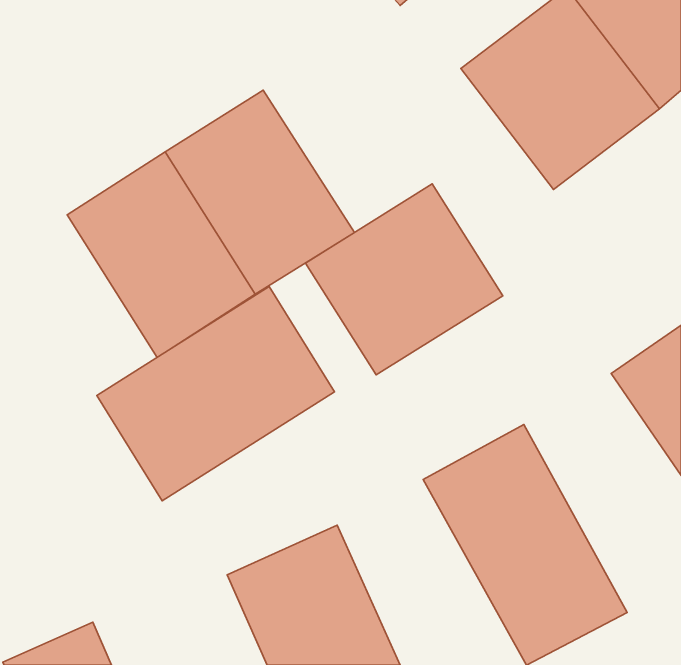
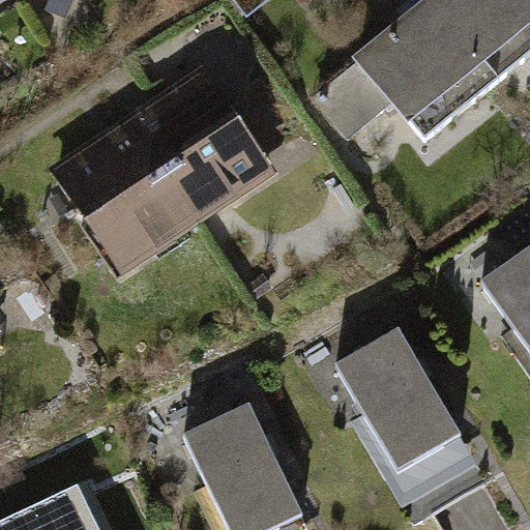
building: [305,184,503,375] -> none
building: [97,286,335,501] -> none

